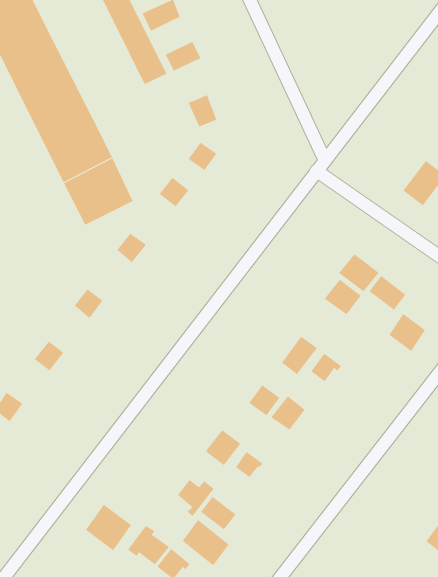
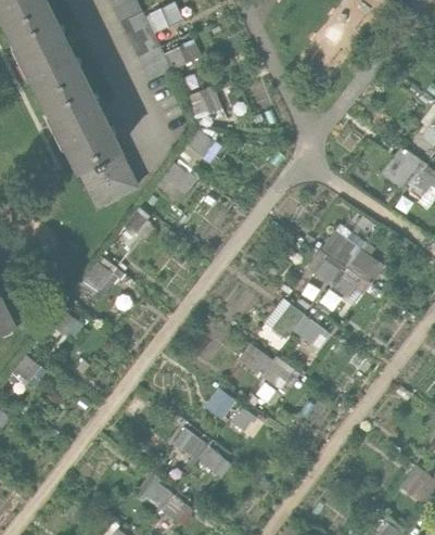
building: [388,313,426,352] -> [333,270,367,305]
building: [85,504,132,551] -> none
building: [182,519,229,566] -> none

